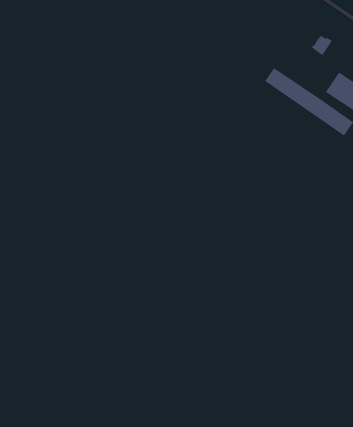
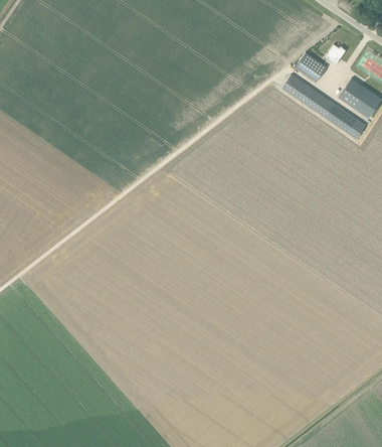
building: none -> [296,52,327,83]

